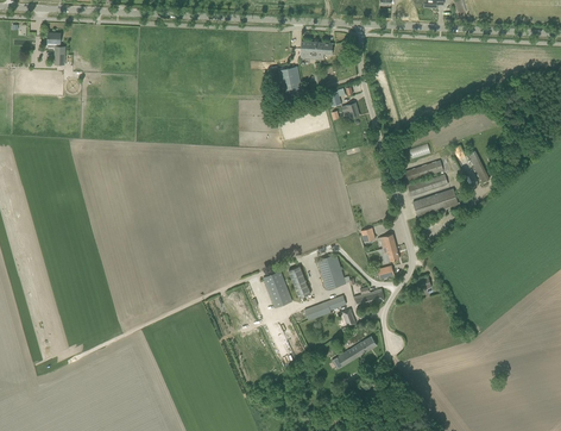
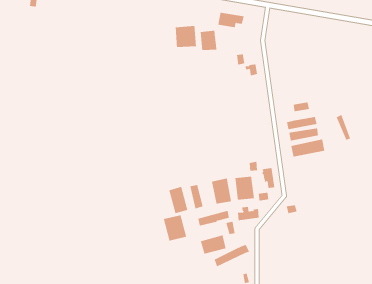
building: none -> [175,25,196,48]
building: none -> [235,176,254,201]
building: none -> [163,214,187,241]
building: none -> [200,235,226,254]

